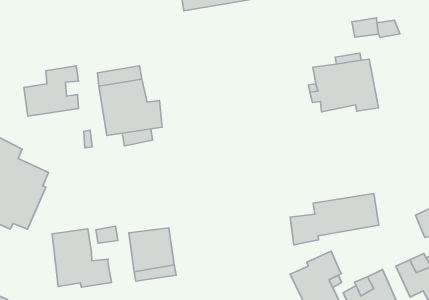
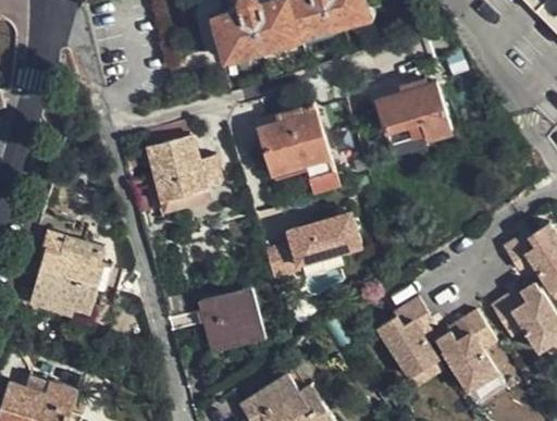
building: none -> [260,88,339,195]
building: [24,66,79,116] -> none
building: [290,193,379,245] -> [263,214,360,281]
building: [52,229,111,287] -> none

